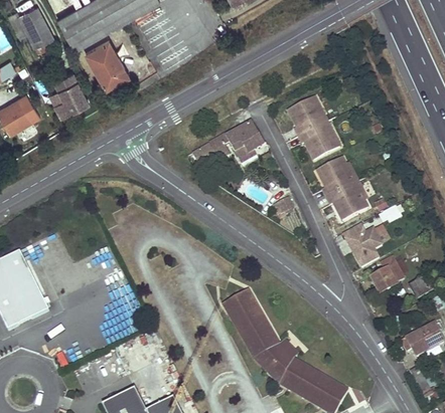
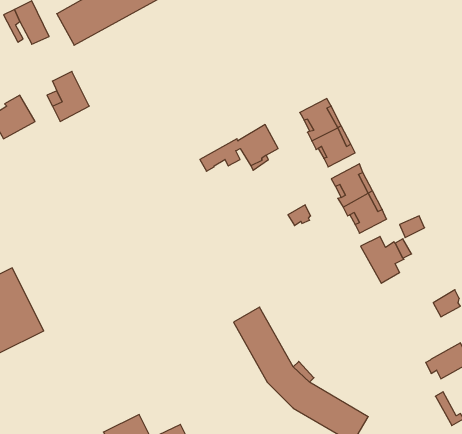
building: [87,39,131,88] -> none
building: [370,256,404,294] -> none

